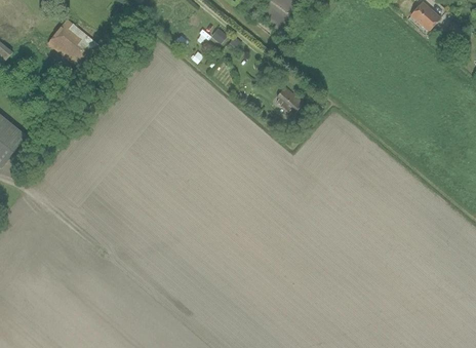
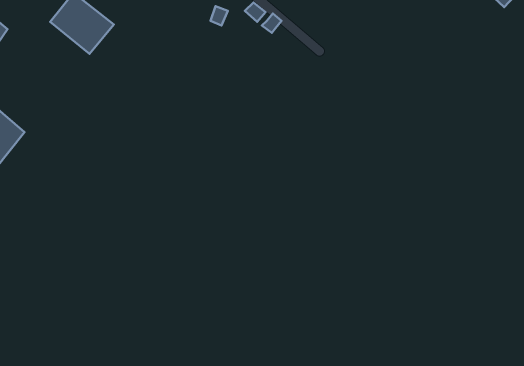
building: [276,85,303,114] -> none

